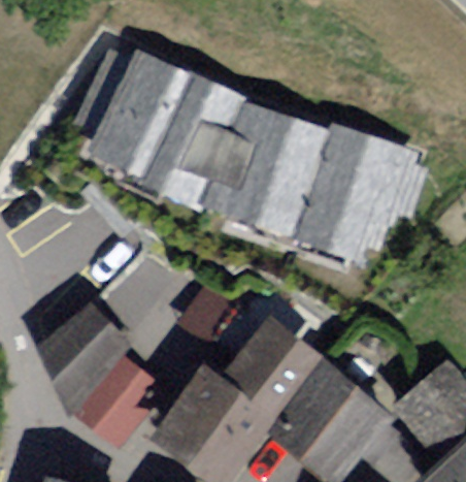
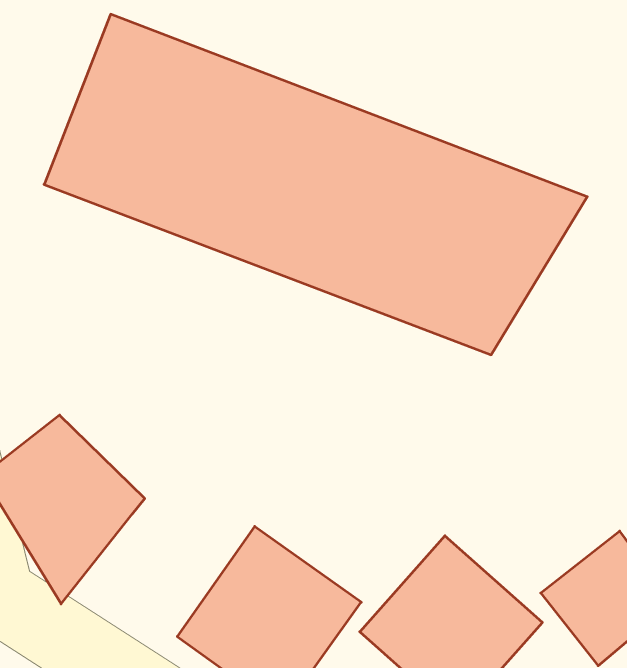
building: [230,323,324,418] -> none
building: [74,363,160,456] -> none

